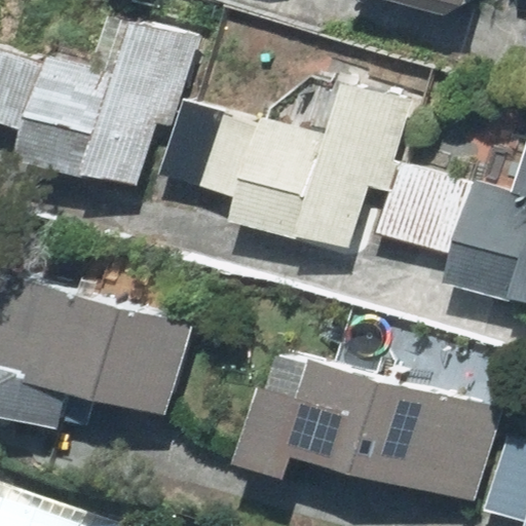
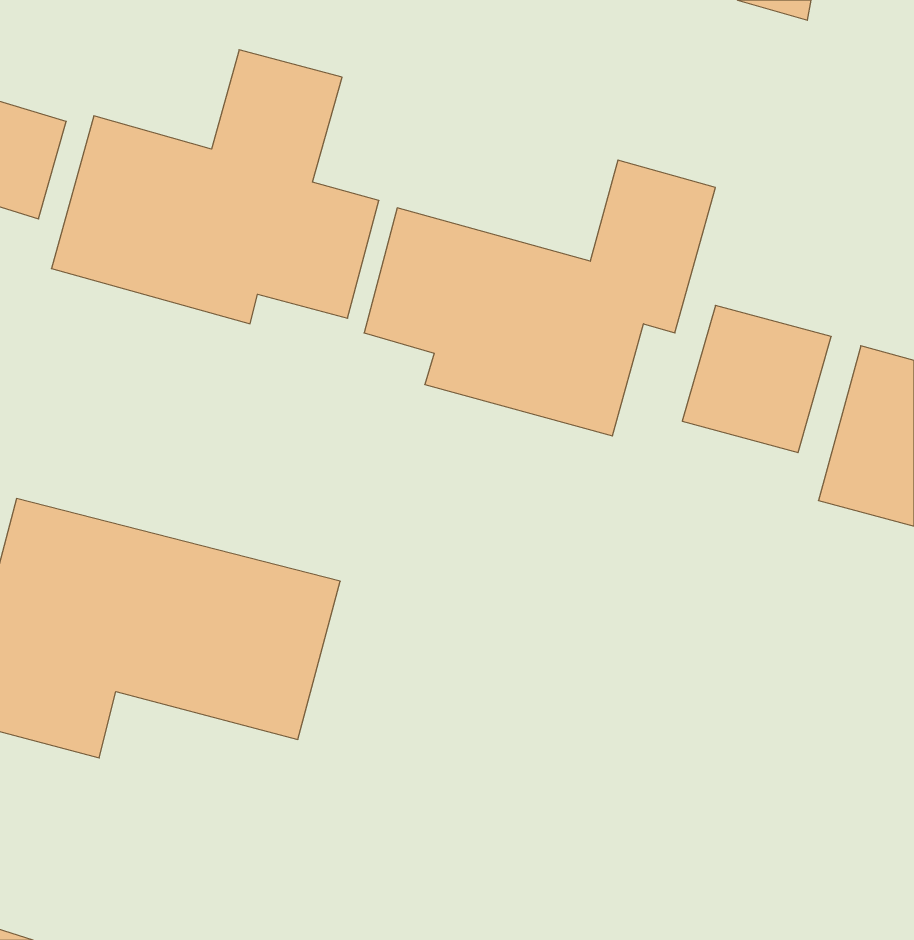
building: [248,367,494,501] -> none

